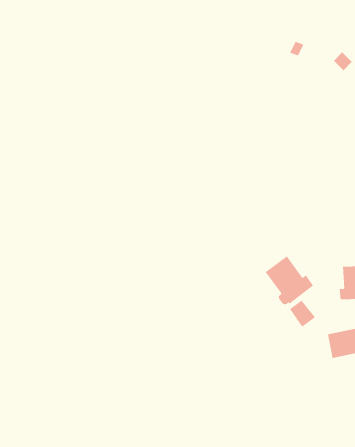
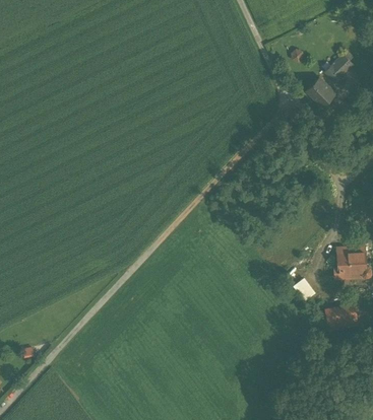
building: none -> [310,74,339,103]
building: [265,256,314,305] -> none

